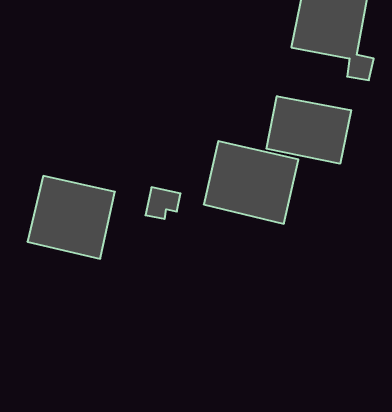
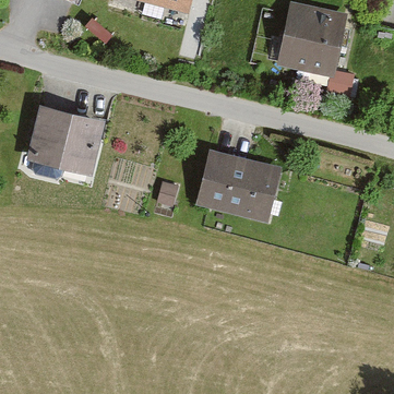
building: [266,96,351,164] -> none
building: [27,176,115,259] -> [25,103,104,177]

